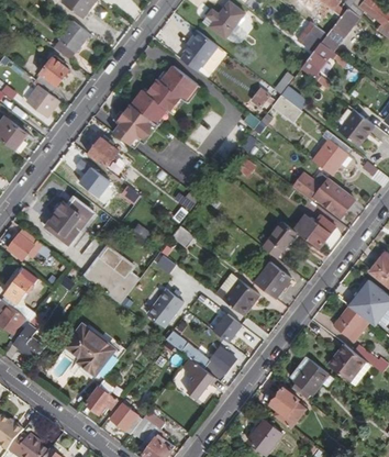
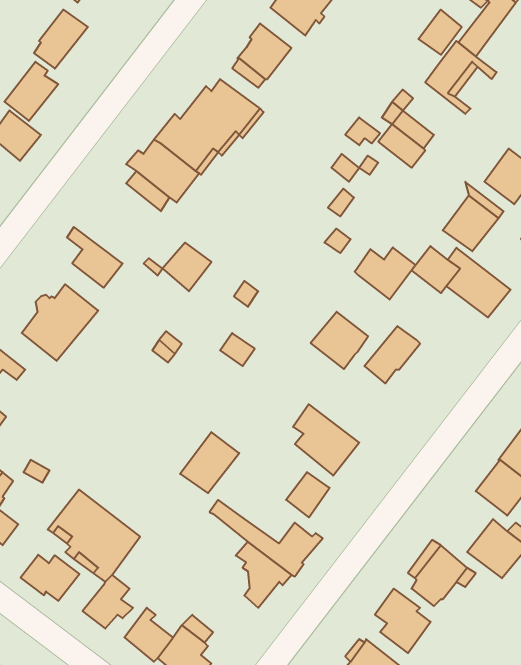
building: [88,137,119,168] -> [163,243,211,291]
building: [296,214,334,247] -> [355,247,416,300]
building: [85,246,138,303] -> none
building: [254,261,290,298] -> [311,312,368,369]
building: none -> [21,555,79,601]

